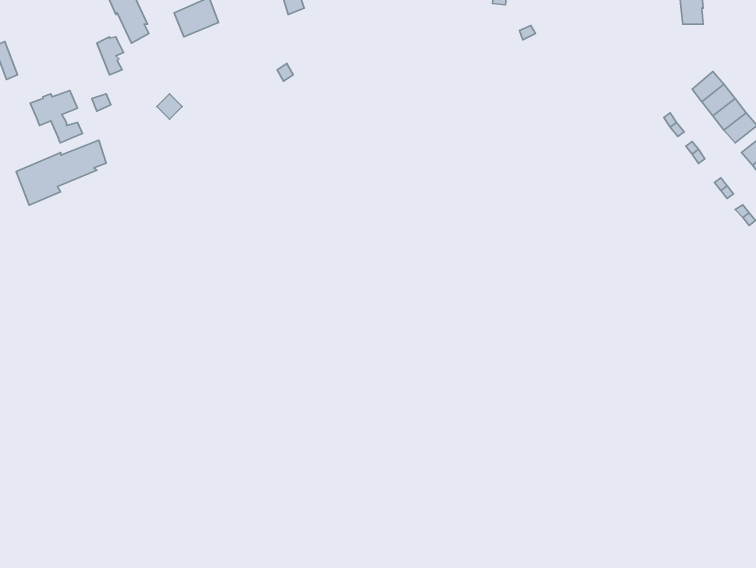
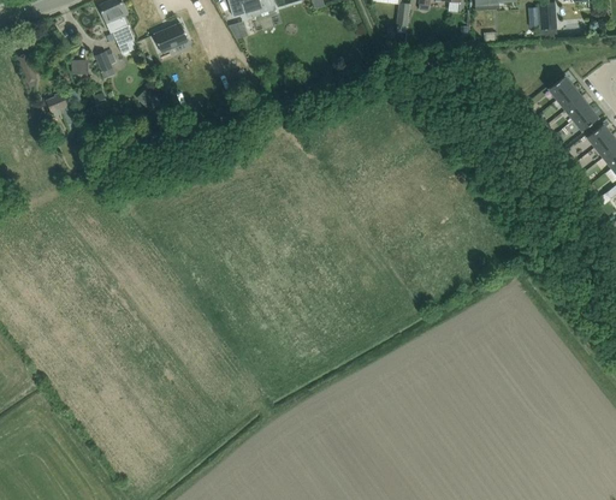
building: [16,140,106,205] -> none

